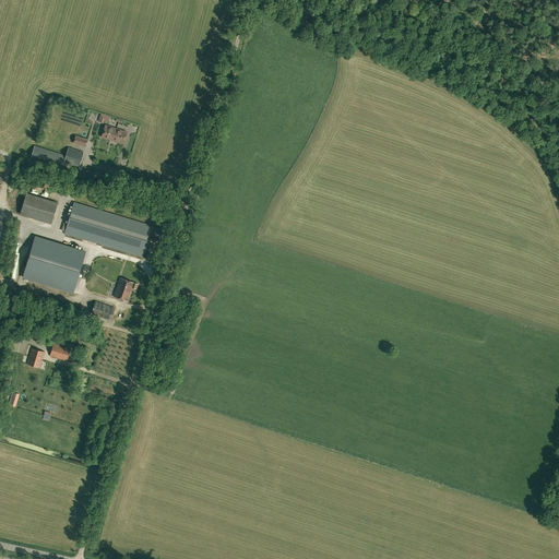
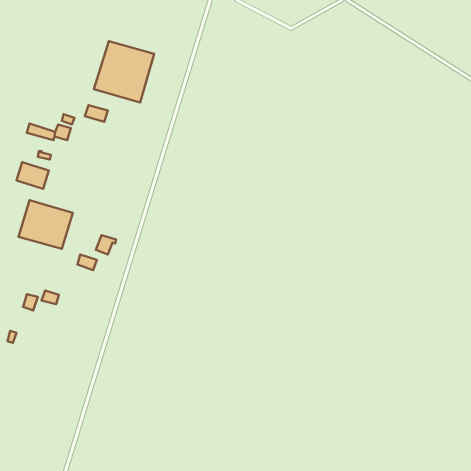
building: none -> [94,41,154,102]
building: [64,202,152,257] -> none

